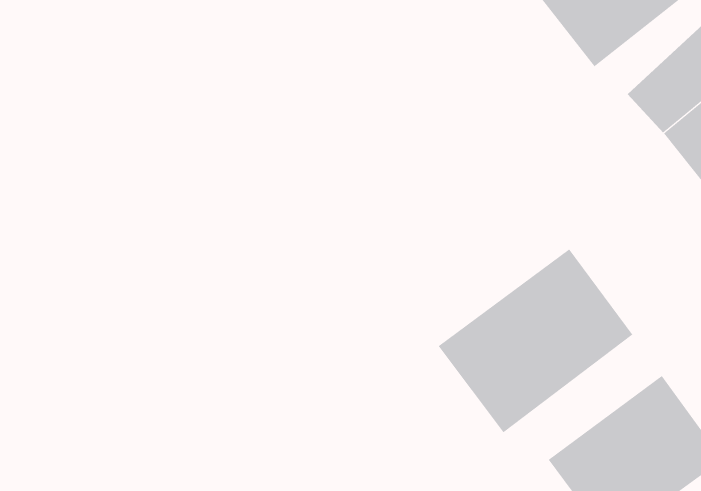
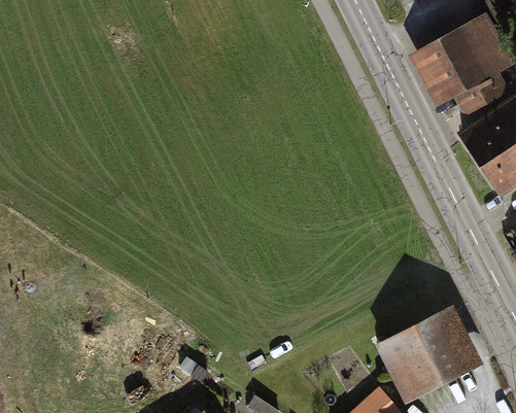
building: [438,248,633,433] -> none

